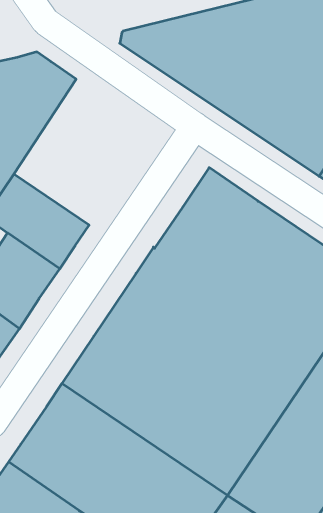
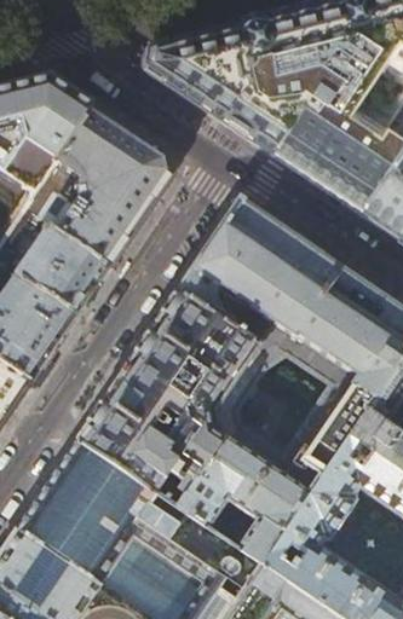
building: none -> [24,106,172,268]

